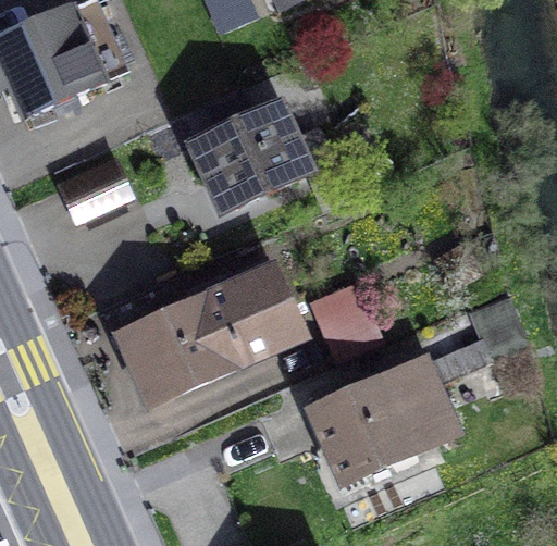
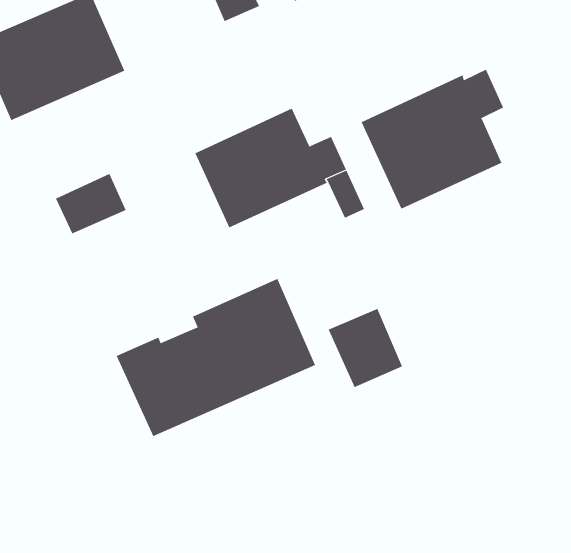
building: none -> [361,69,504,209]
building: [309,299,524,482] -> none

